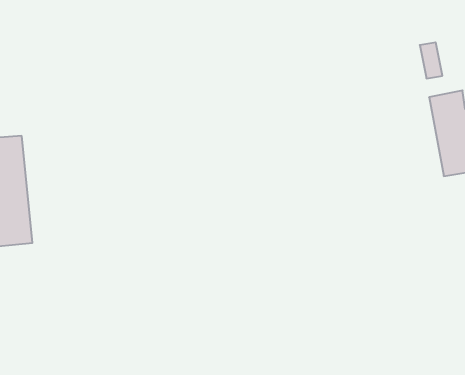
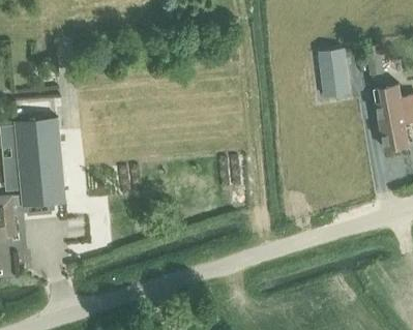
building: none -> [318,50,349,98]

